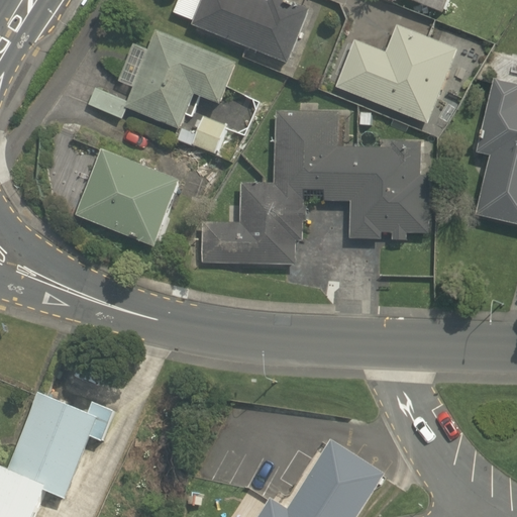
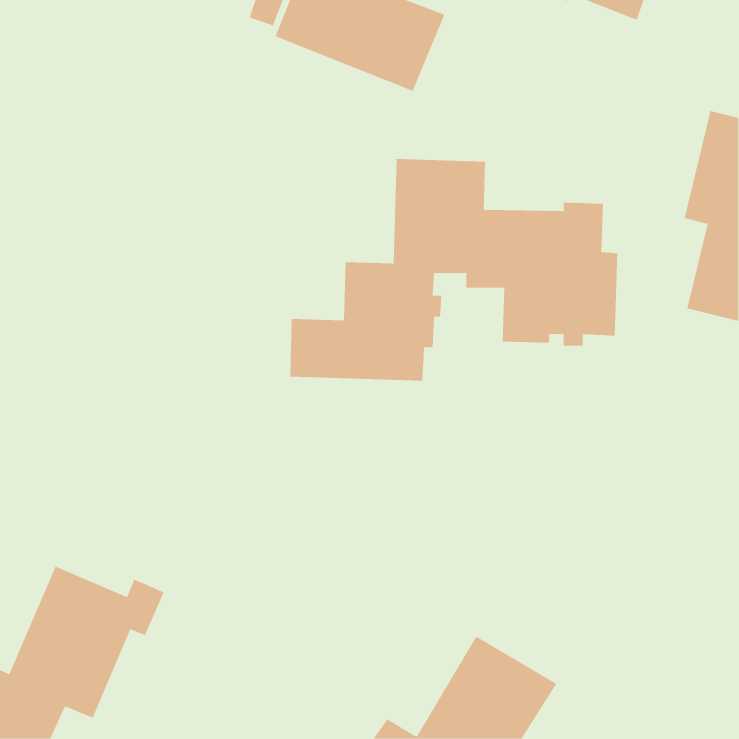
building: [334,24,455,123] -> none
building: [86,29,237,154] -> none
building: [76,149,183,246] -> none

